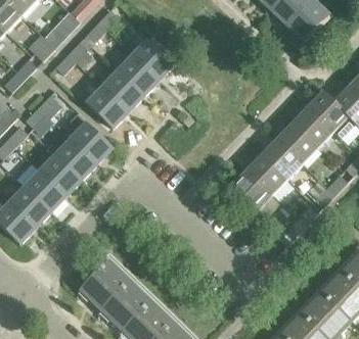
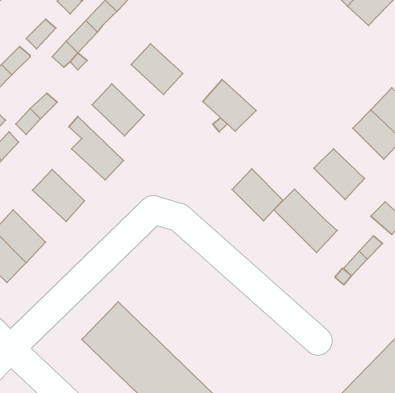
building: [133,39,175,80] -> [203,79,256,131]
building: [102,72,143,112] -> none
building: [277,123,317,162] -> none
building: [48,139,97,180] -> none
building: [246,154,286,195] -> [232,169,283,221]
building: [25,172,66,212] -> none

